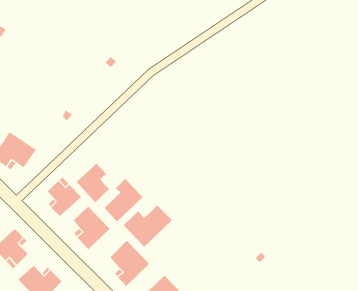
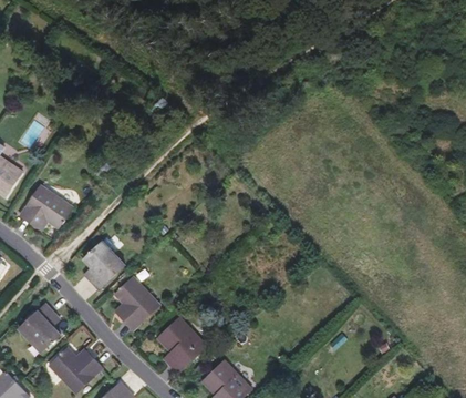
building: [76,163,110,203] -> none
building: [104,178,143,222] -> none
building: [123,205,173,247] -> none

